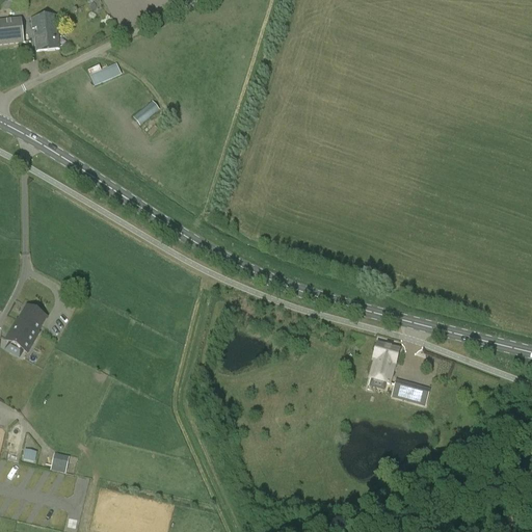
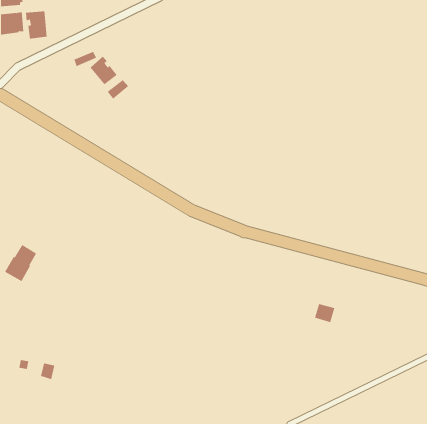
building: none -> [90,56,117,85]
building: [370,341,399,381] -> none

